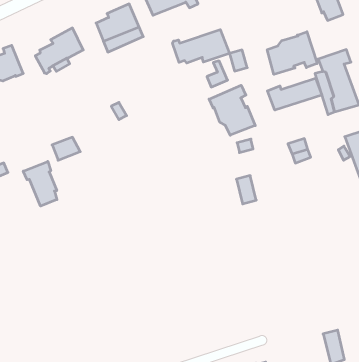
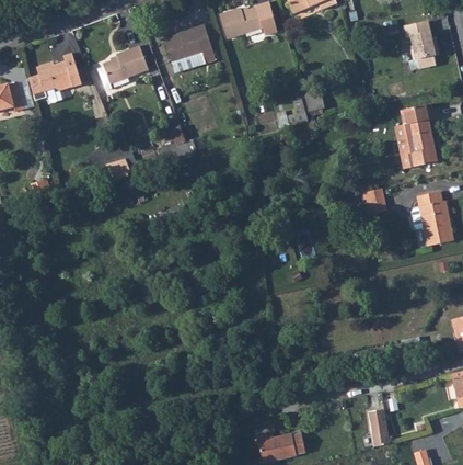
building: [173,30,229,63] -> none
building: [267,32,317,74] -> none
building: [267,78,322,110] -> none
building: [209,85,255,135] -> none
building: [23,161,57,206] -> none

